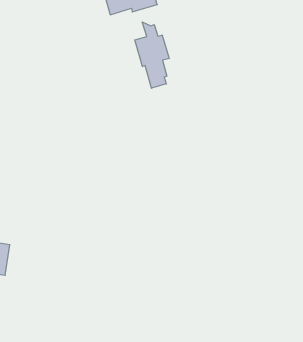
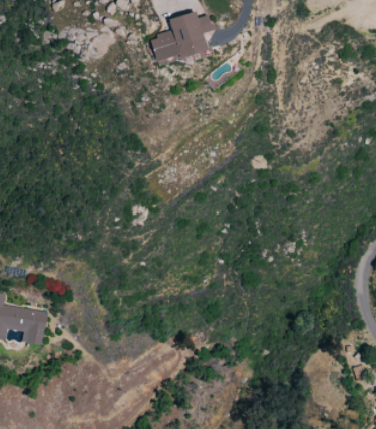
building: [135,22,169,88] -> none

